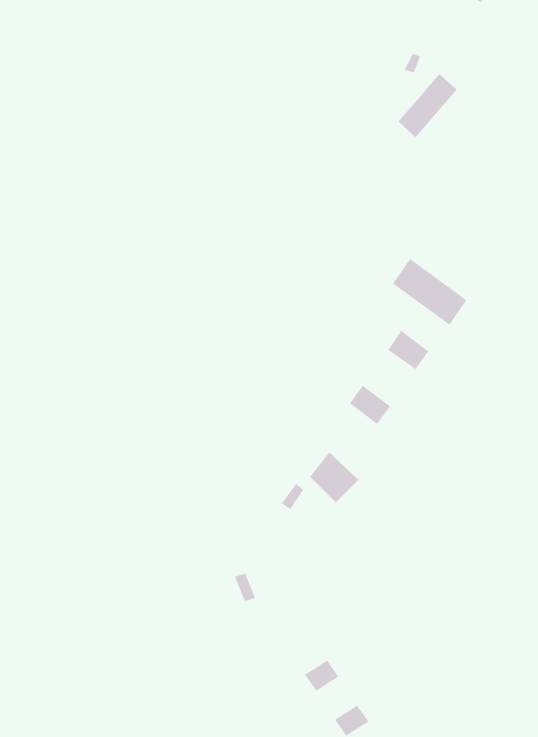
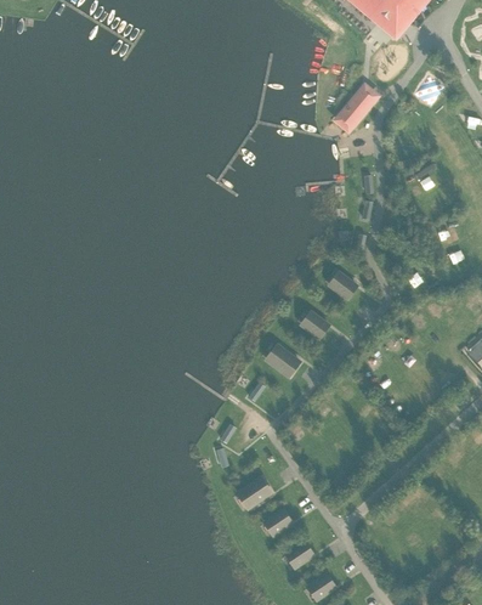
building: [392,258,467,325] -> none
building: none -> [236,476,271,509]

